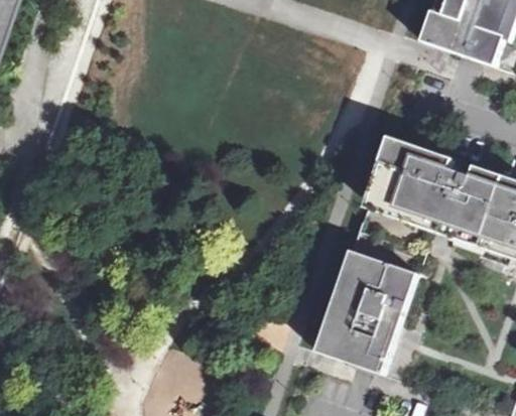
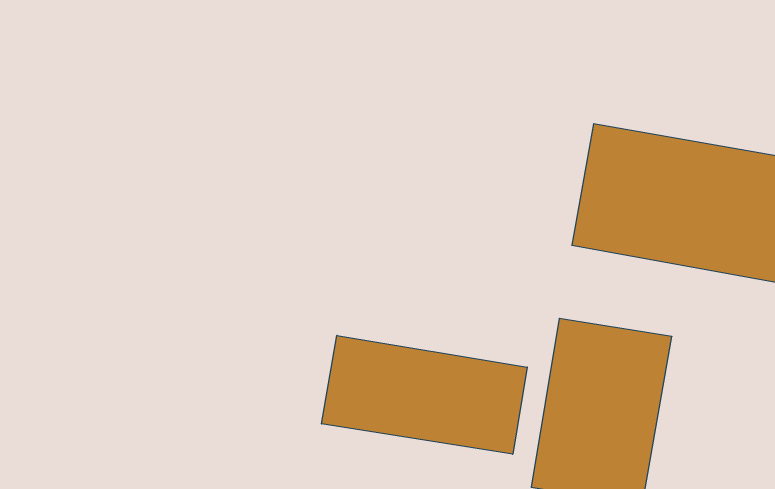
building: none -> [322,335,527,454]

